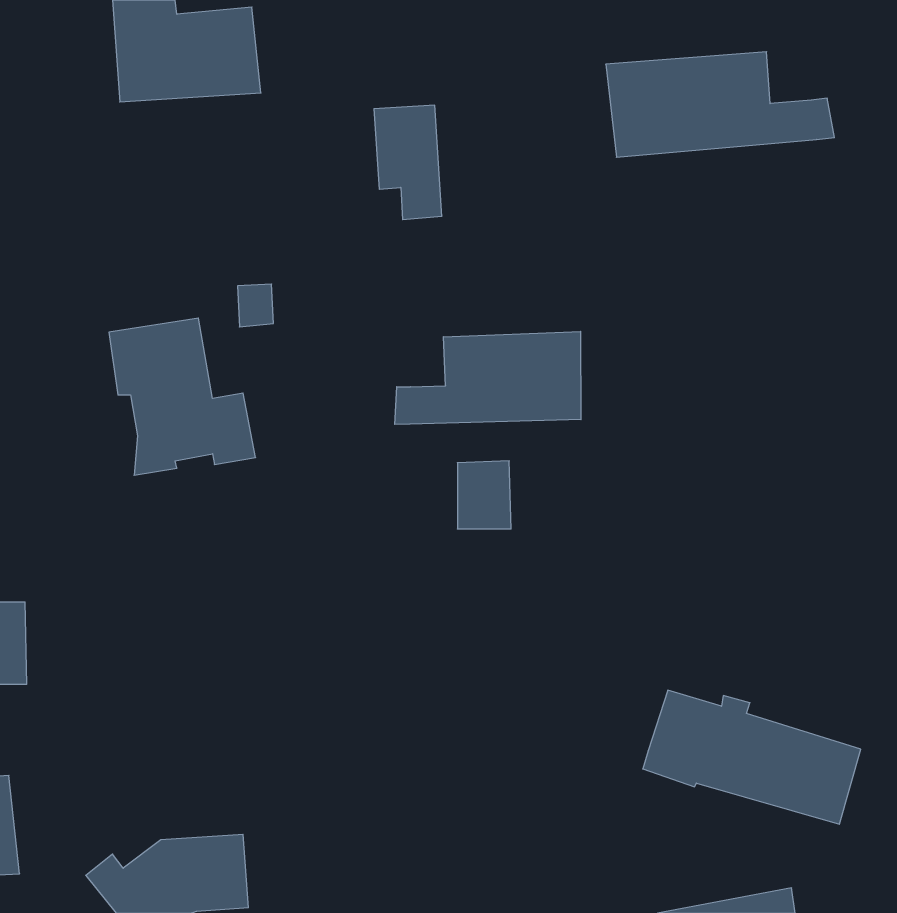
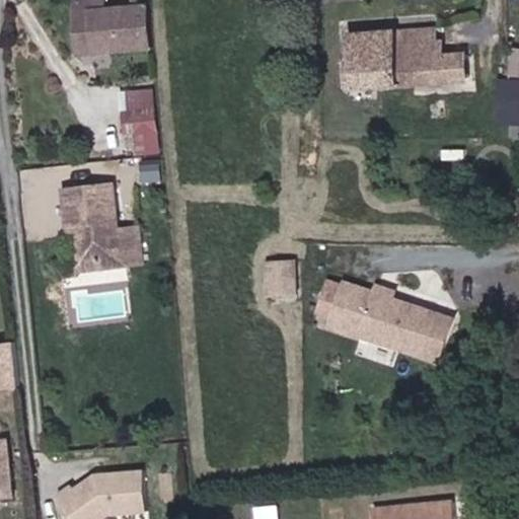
building: [374,105,442,220] -> [115,91,153,156]
building: [395,331,581,424] -> none
building: [643,690,861,824] -> [330,280,454,356]

